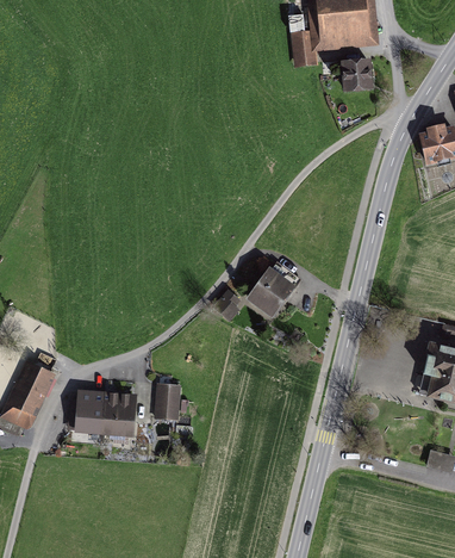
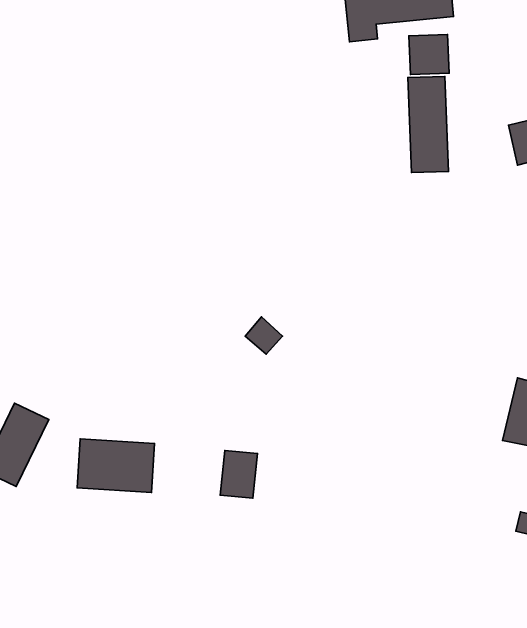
building: none -> [408,76,448,173]
building: [250,265,300,316] -> none
building: [152,380,182,418] -> [220,451,257,498]

